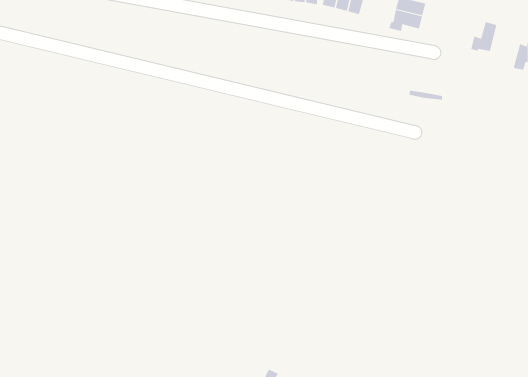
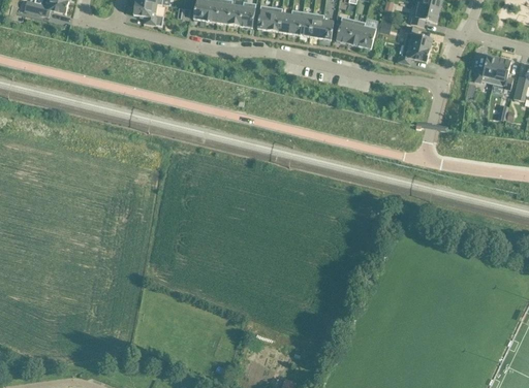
building: none -> [491,58,514,94]

